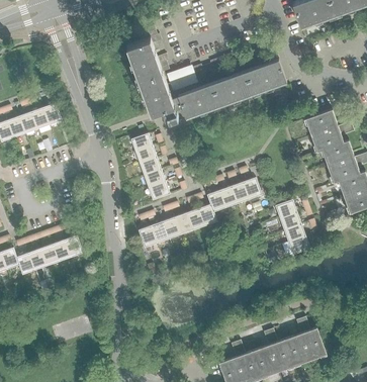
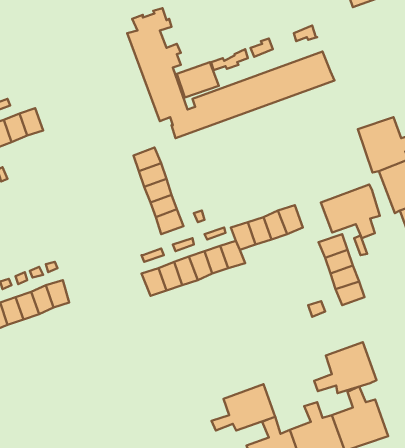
building: none -> [321,185,380,238]
building: none -> [314,342,376,393]
building: none -> [212,384,275,431]

